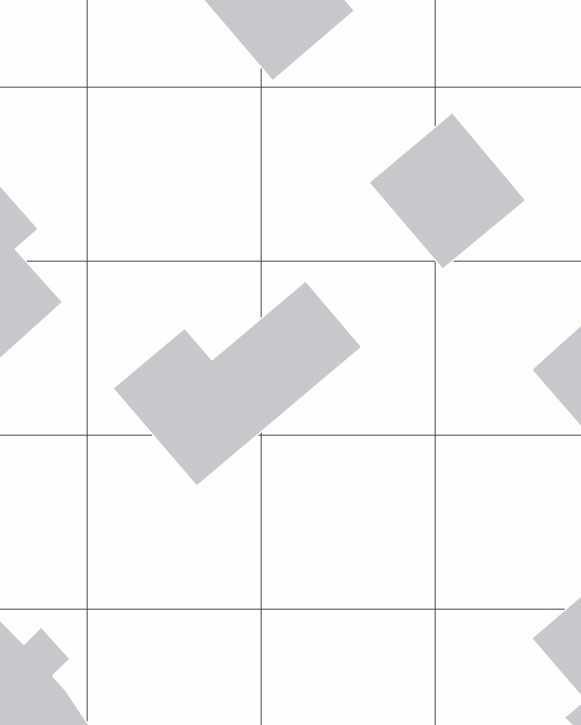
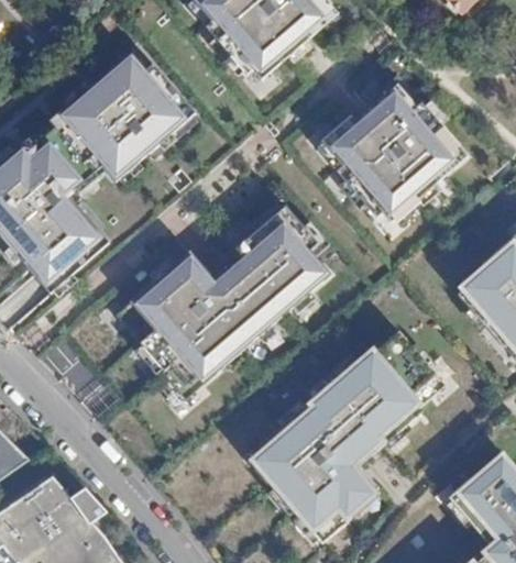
building: none -> [62,55,183,175]
building: none -> [249,349,424,542]

